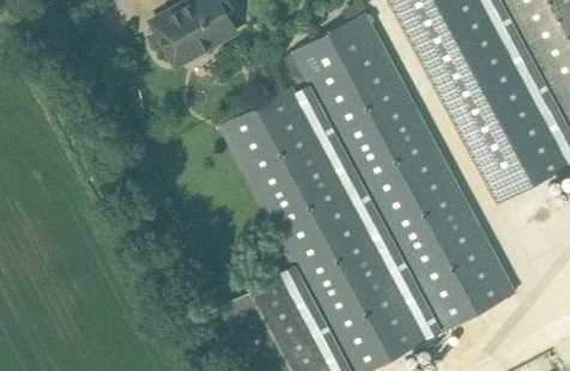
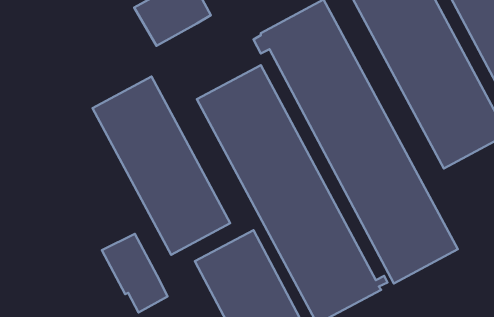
building: none -> [93,77,230,255]
building: none -> [102,234,168,312]

